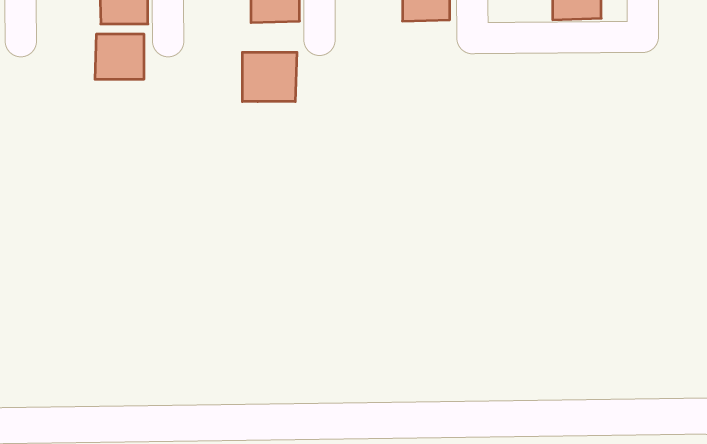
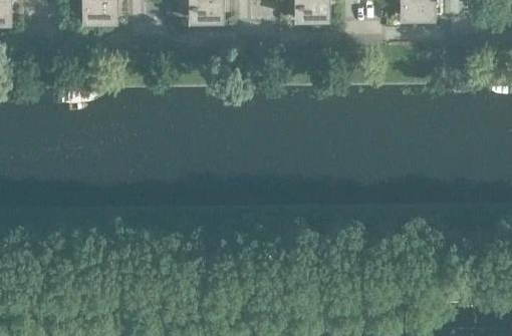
building: [95,34,144,79] -> none
building: [242,52,297,102] -> none

